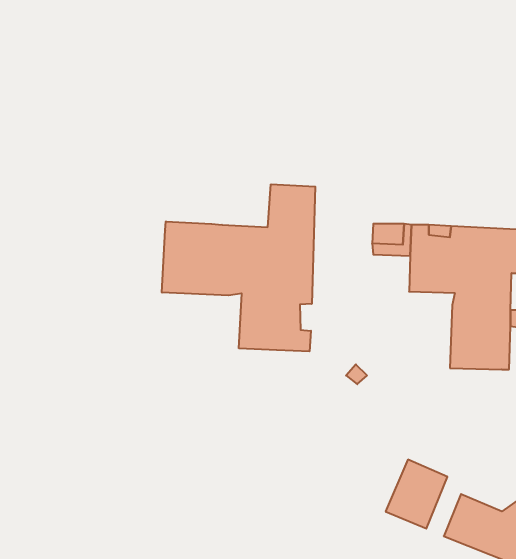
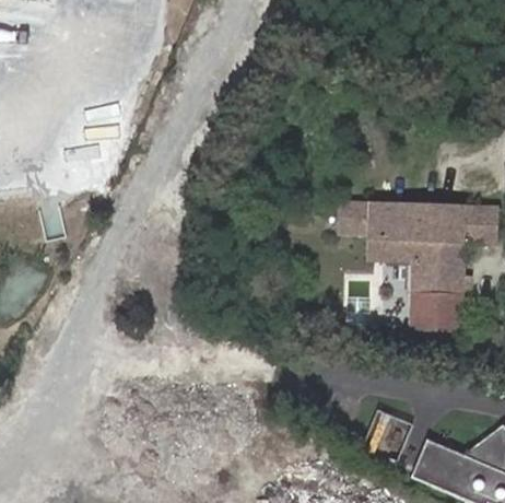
building: [162,184,315,351] -> none

